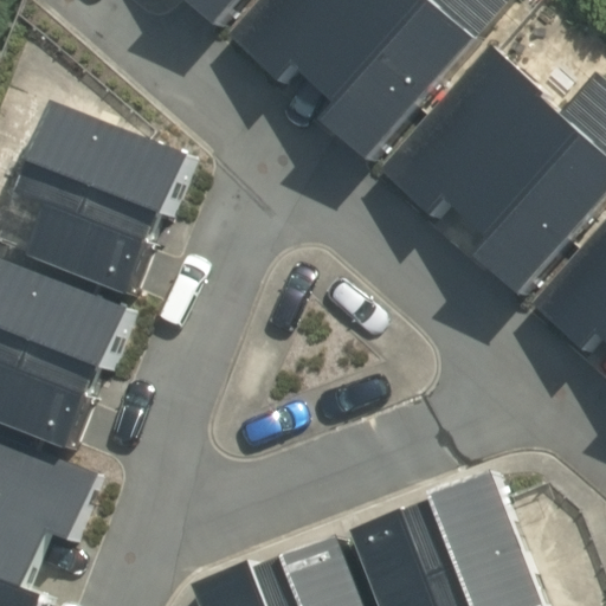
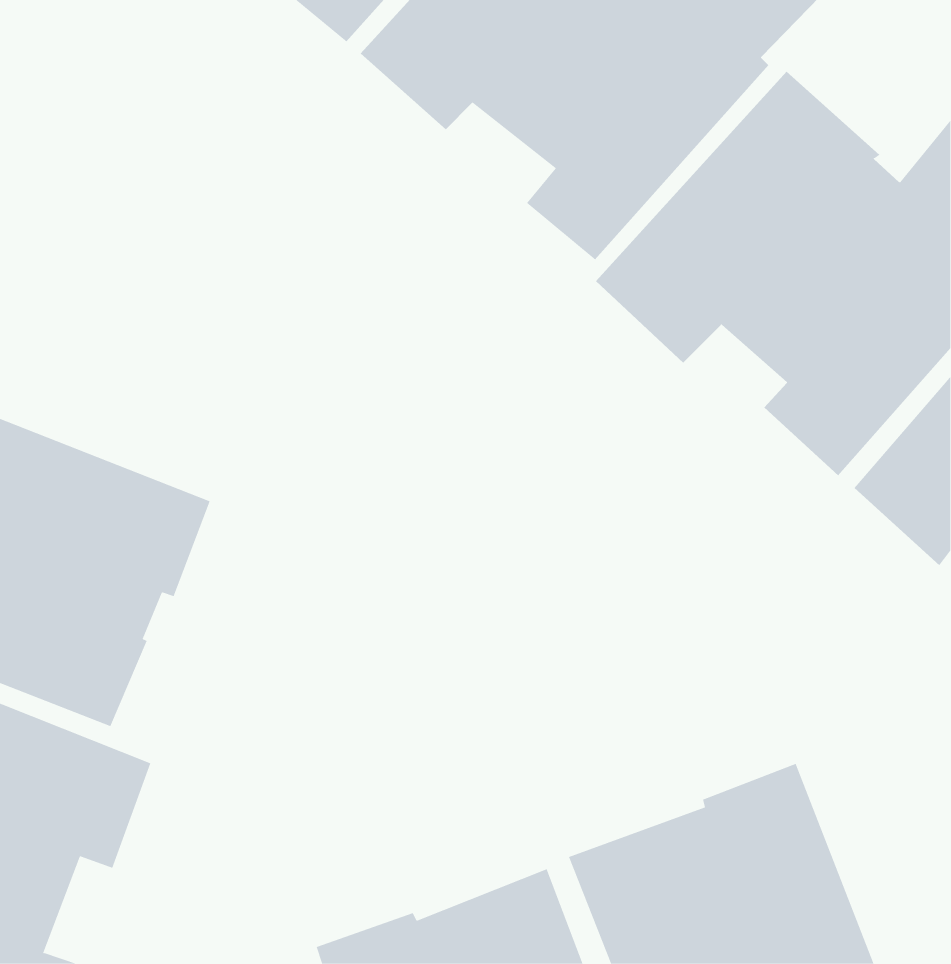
building: [18,103,191,295] -> none

